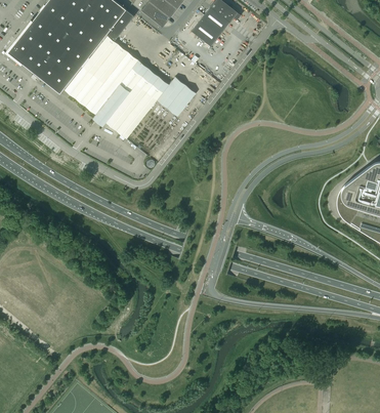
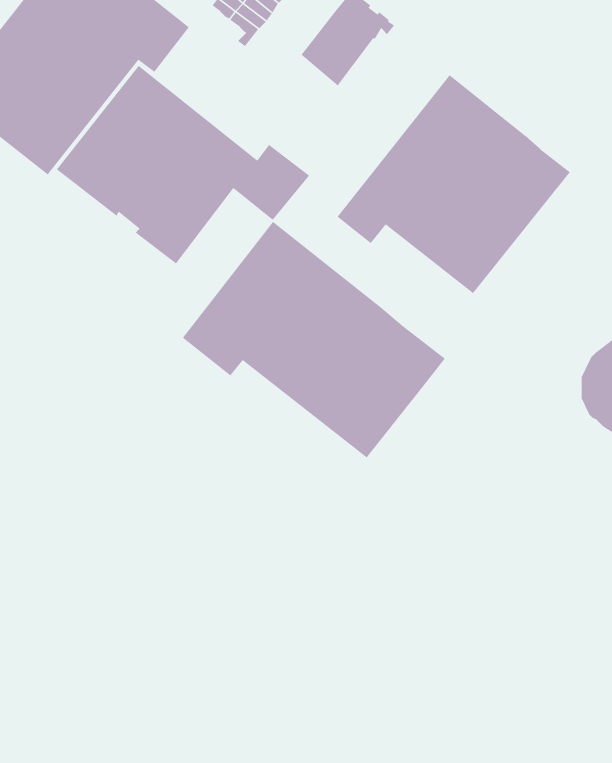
building: none -> [337,74,571,294]
building: none -> [182,221,446,458]

